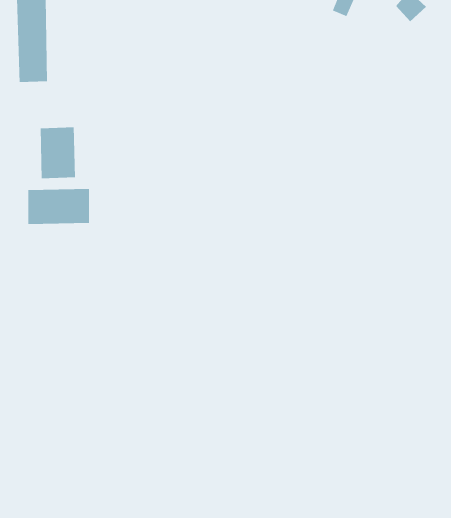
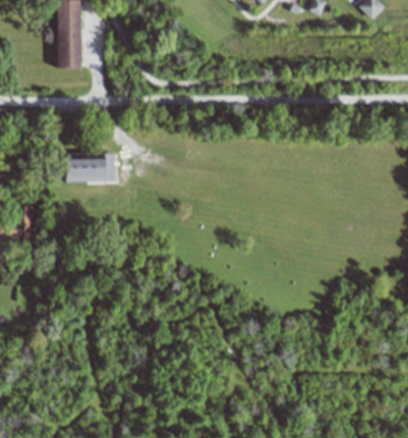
building: [40,126,76,179] -> none

